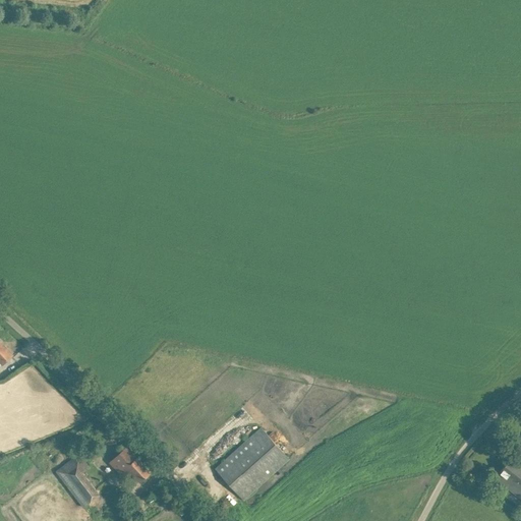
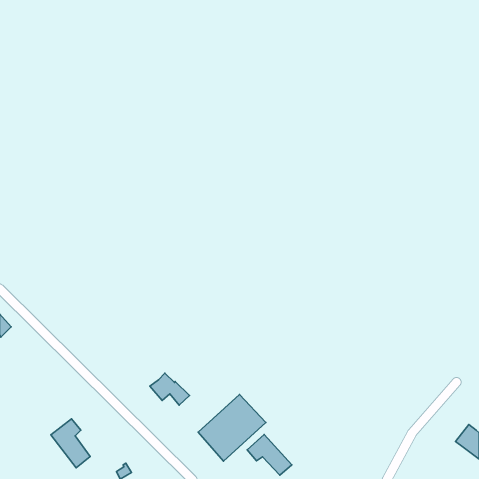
building: [108,449,151,483] -> [150,373,189,405]
building: none -> [247,434,292,475]

